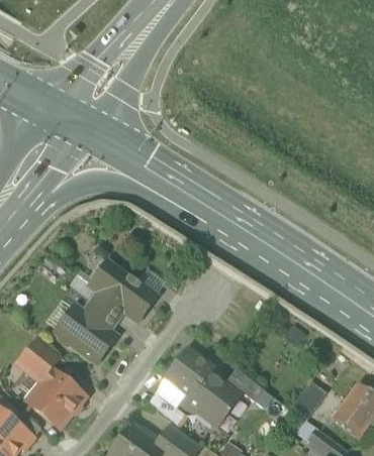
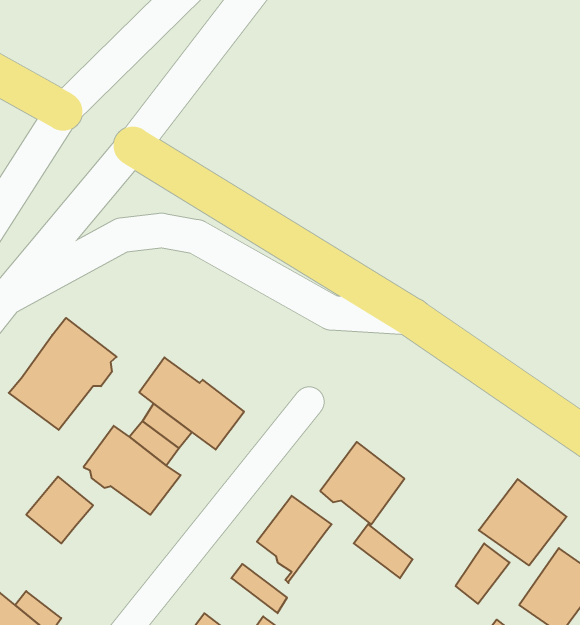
building: none -> [9,318,117,430]
building: none -> [479,479,567,565]
building: [27,369,84,427] -> none
building: [185,373,239,426] -> [320,442,404,524]

